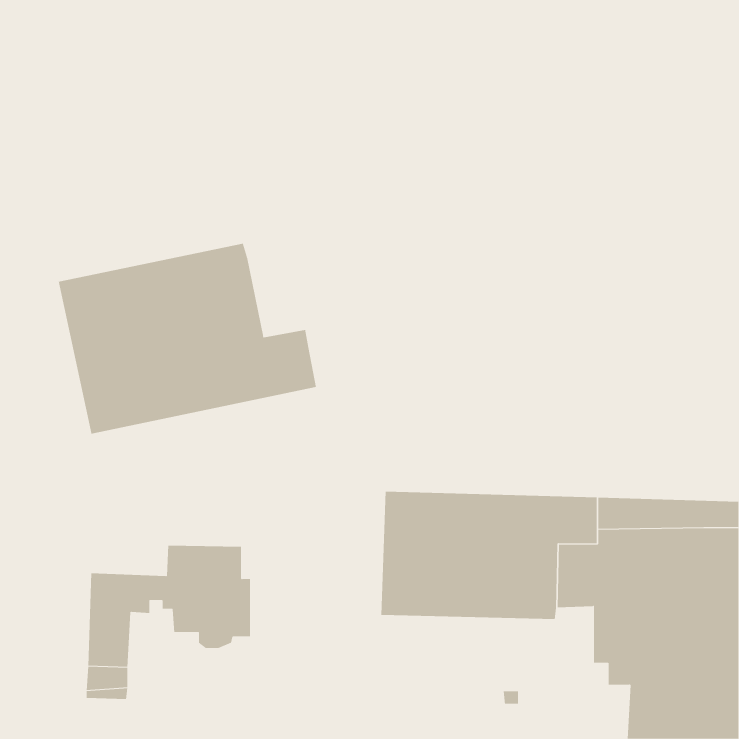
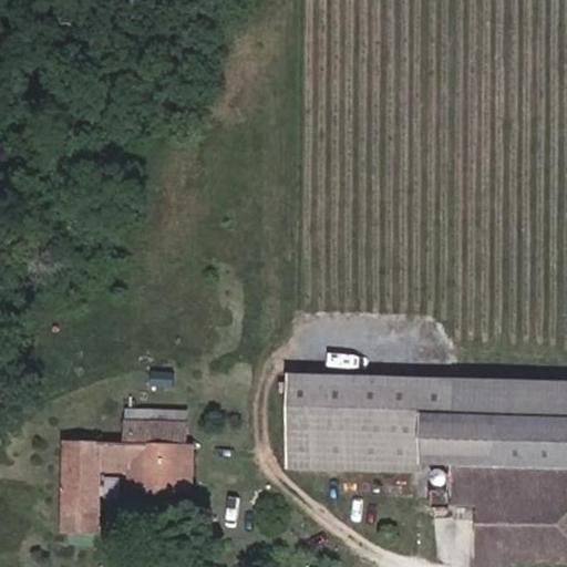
building: [58,243,316,435] -> none

